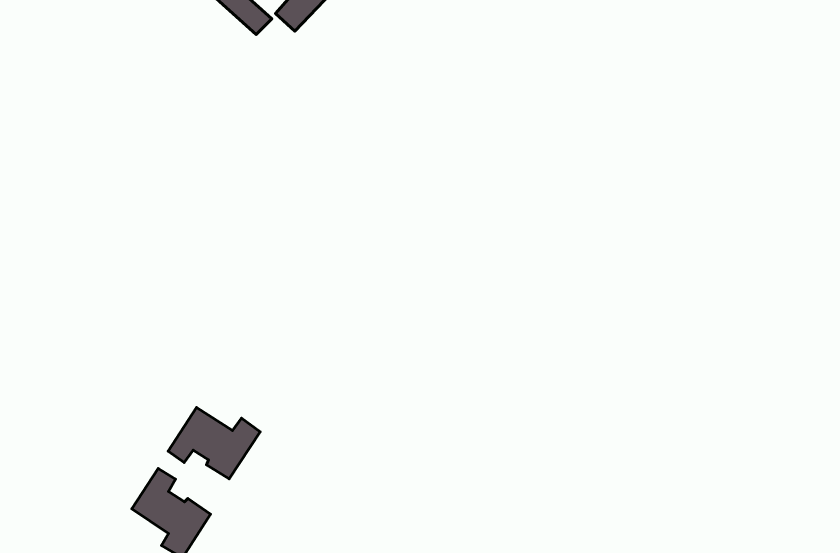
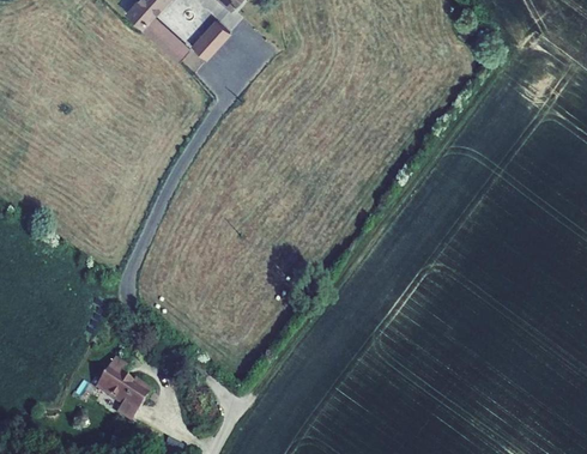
building: [168,408,260,479] -> none

